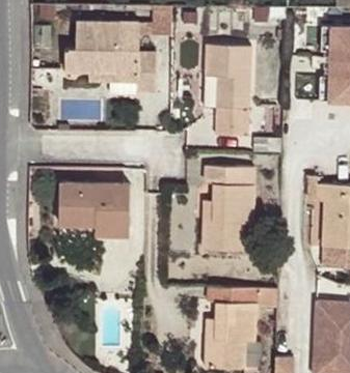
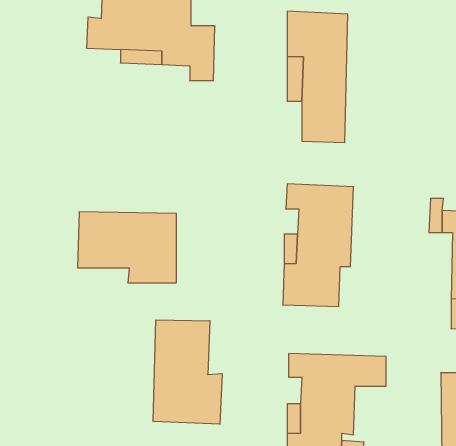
building: none -> [153,320,222,424]

